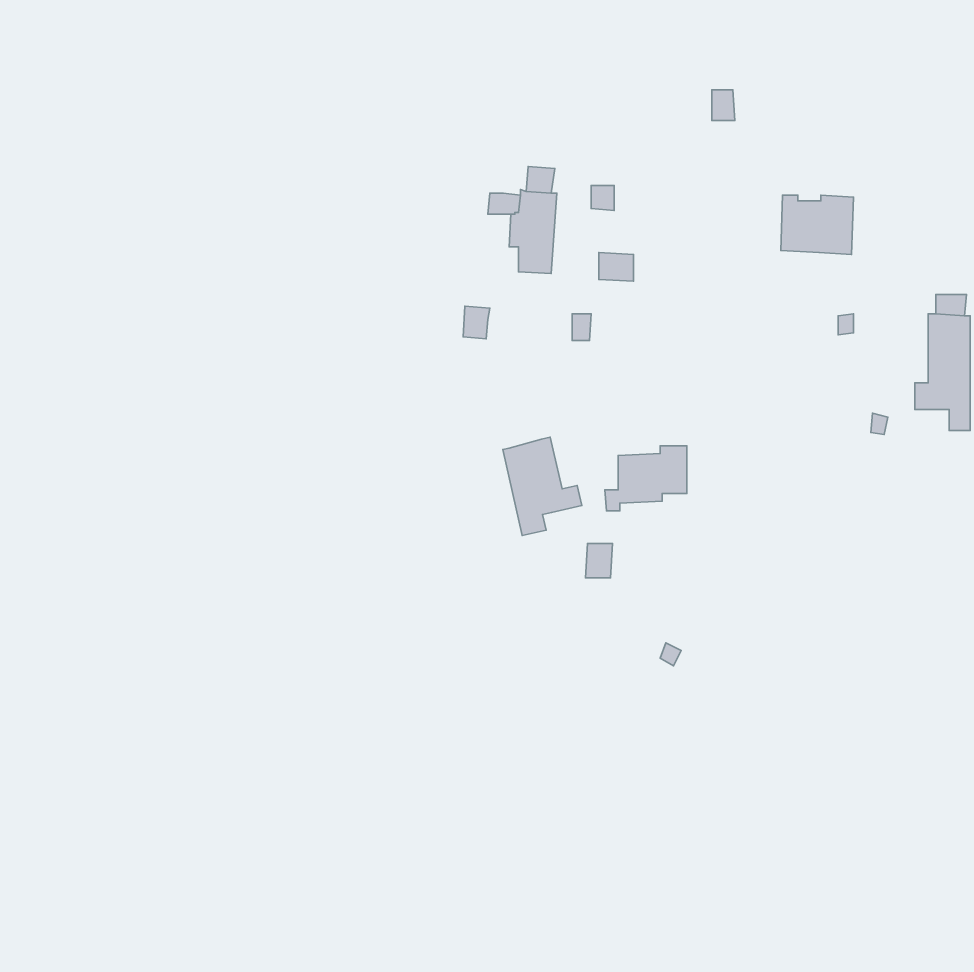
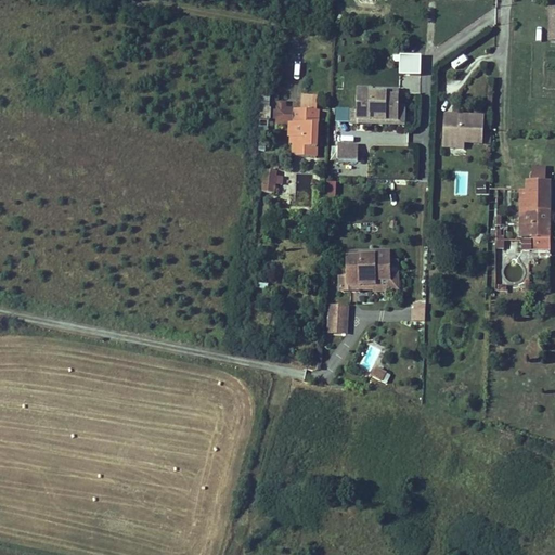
building: none -> [350,87,397,121]
building: [503,437,582,536] -> none

